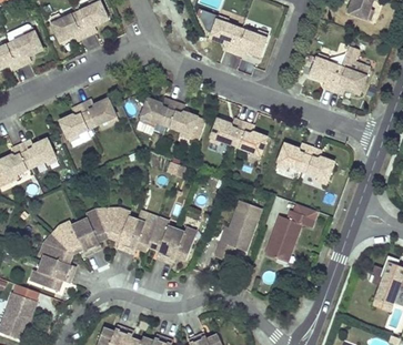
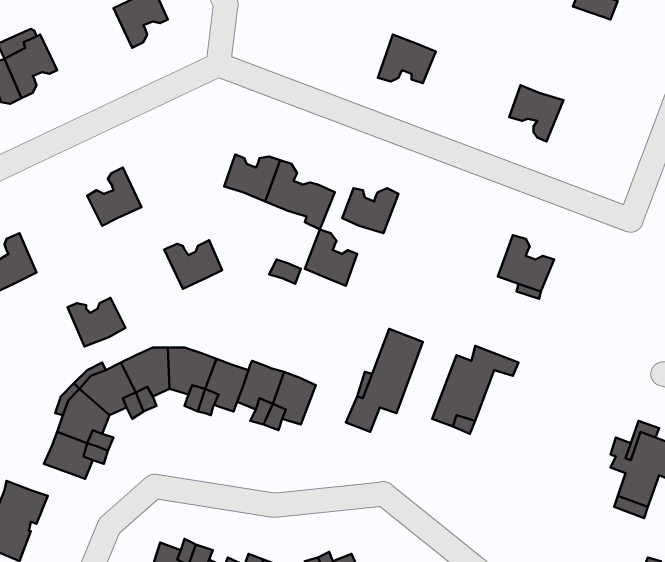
building: [52,11,87,40] -> none
building: [210,18,241,52] -> none
building: [332,45,369,93] -> none
building: [81,100,115,129] -> [164,240,222,289]
building: [235,121,266,154] -> [305,230,357,286]
building: [20,139,54,168] -> [68,298,126,346]
building: [279,142,312,170] -> none

